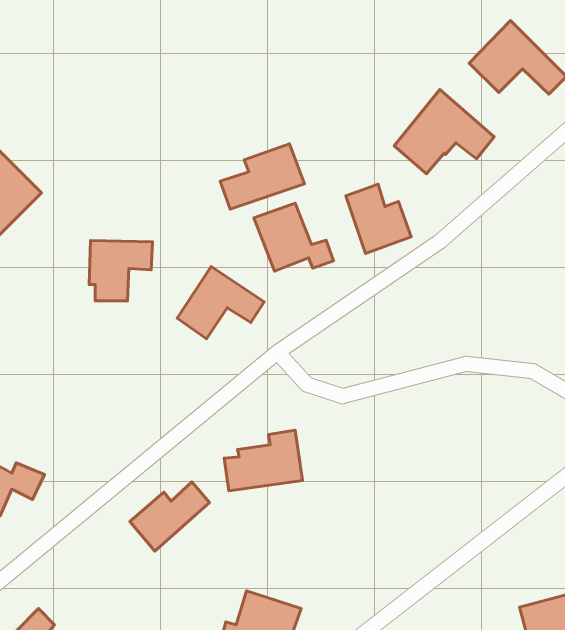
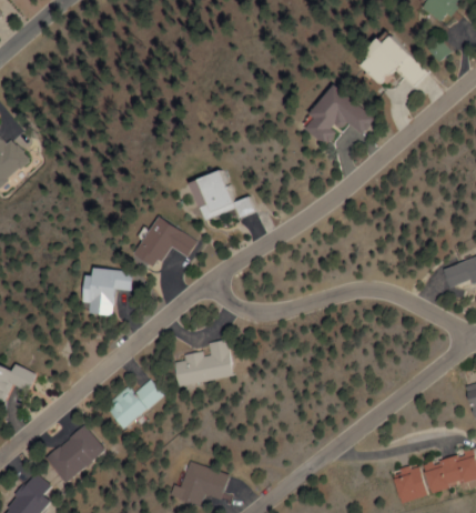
building: [220,144,304,209] -> none
building: [346,184,411,253] -> none
building: [89,240,153,301] -> [87,270,134,315]
building: none -> [39,426,100,483]

